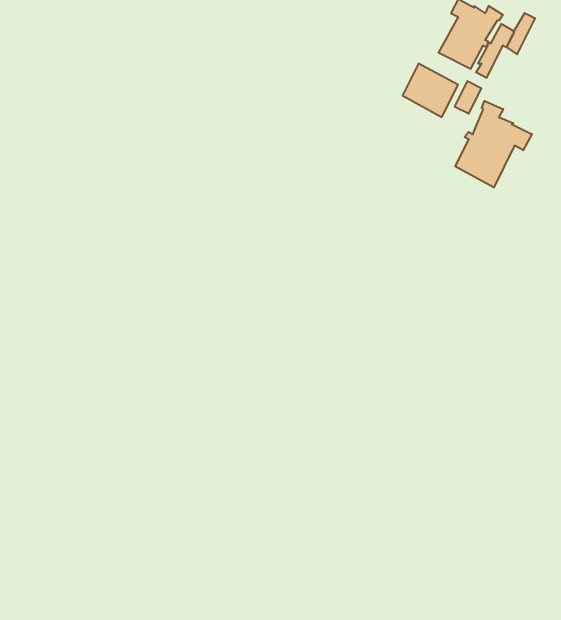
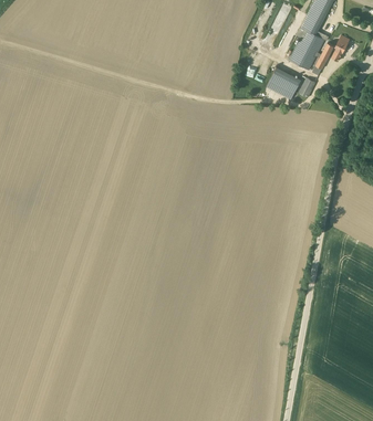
building: [455,101,532,187] -> none

